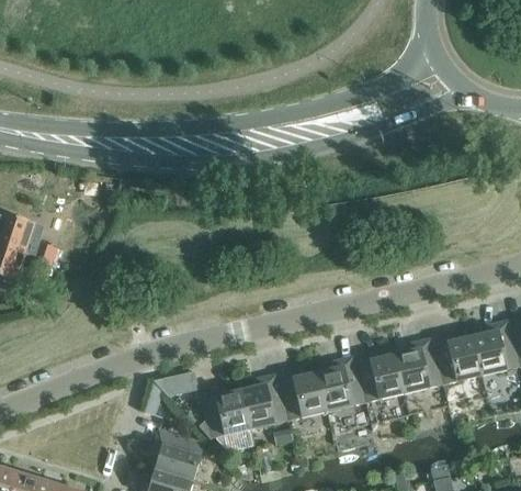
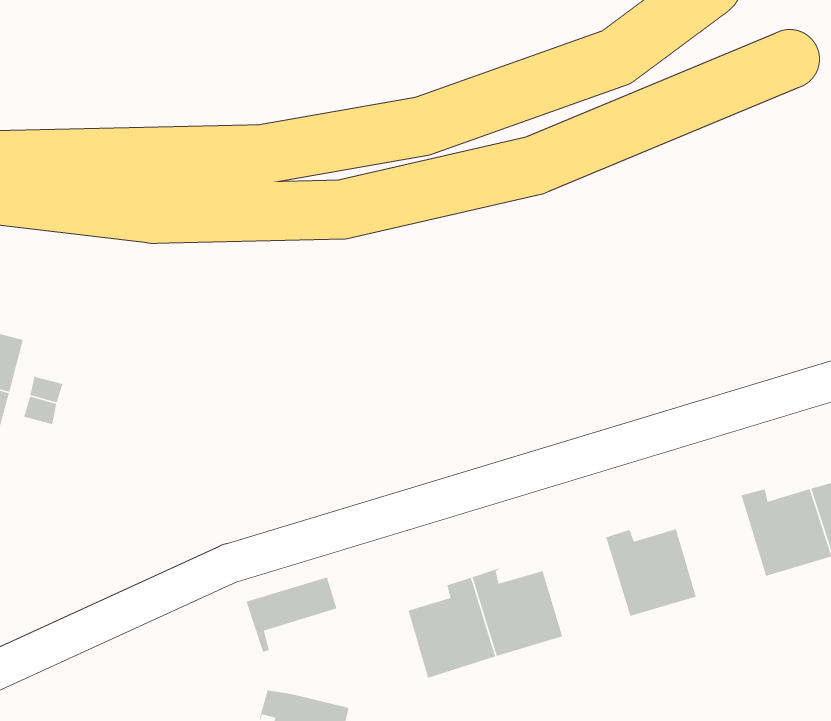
building: [395,337,443,393] -> none
building: [318,356,365,411] -> none
building: [199,388,249,438] -> none

